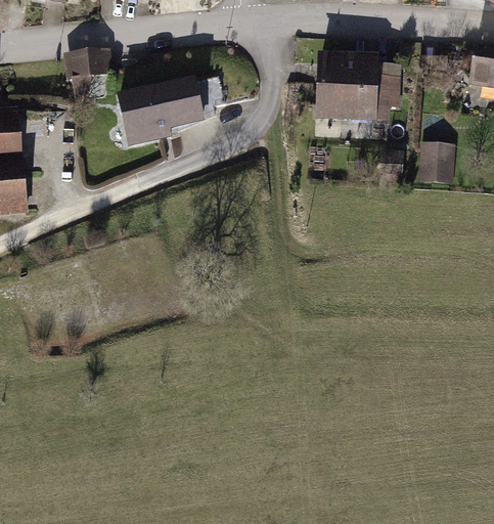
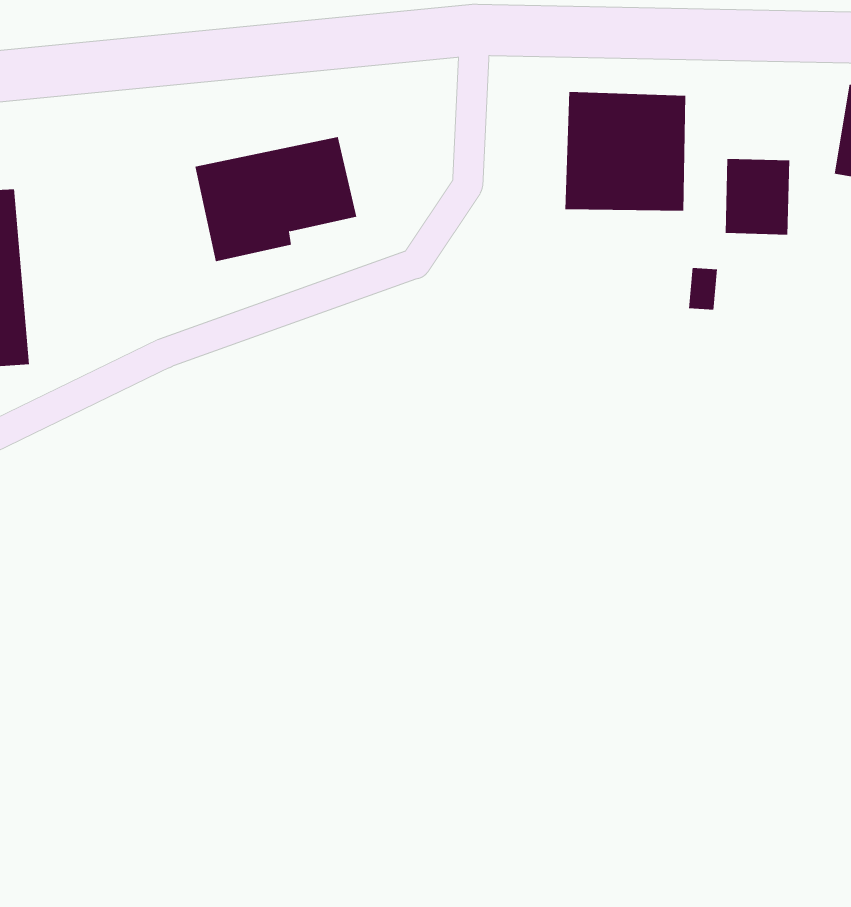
building: [65,47,110,79] -> none
building: [419,141,455,183] -> [725,158,790,235]

